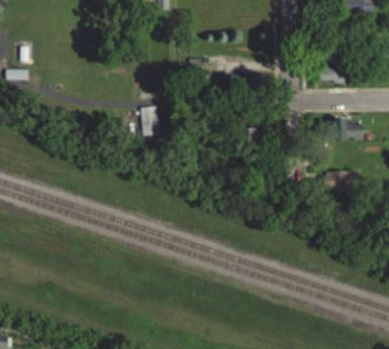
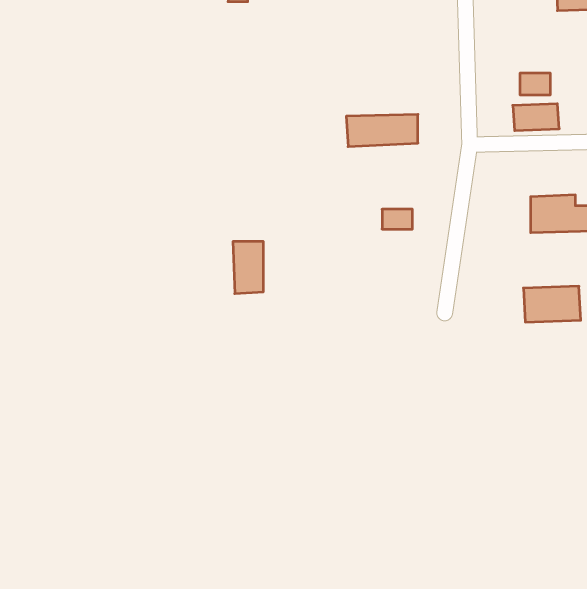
building: [141,107,159,136] -> [233,242,263,294]

